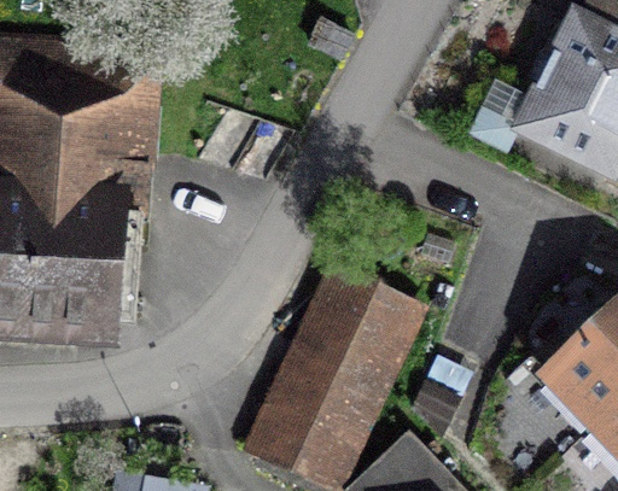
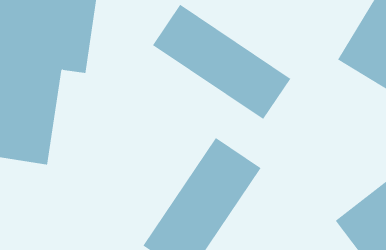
building: none -> [152,4,291,120]

